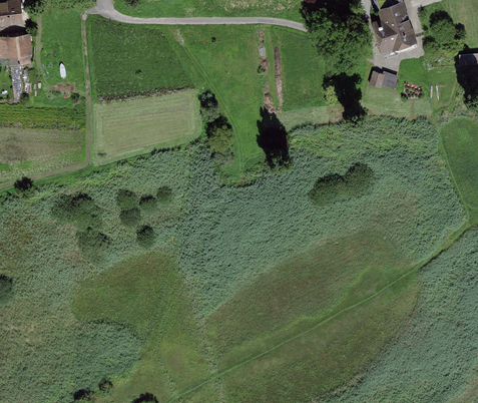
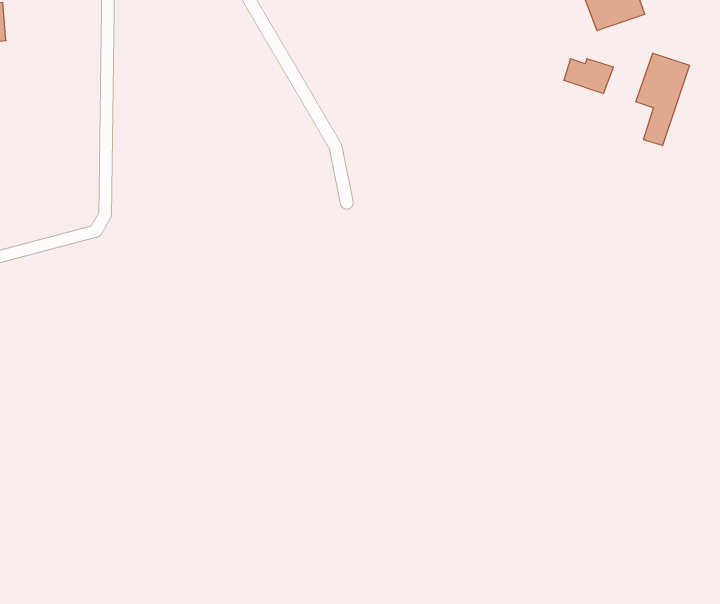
building: none -> [636,53,689,146]

